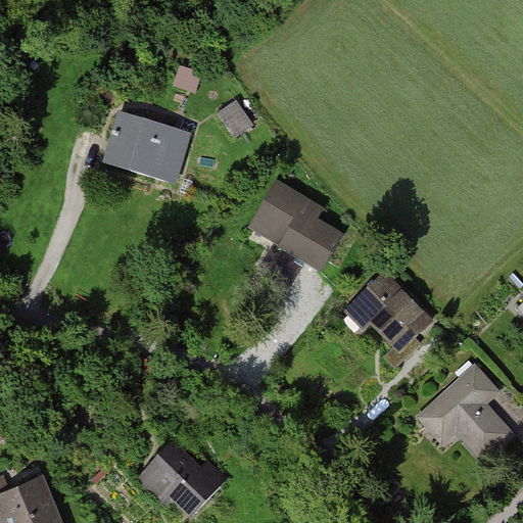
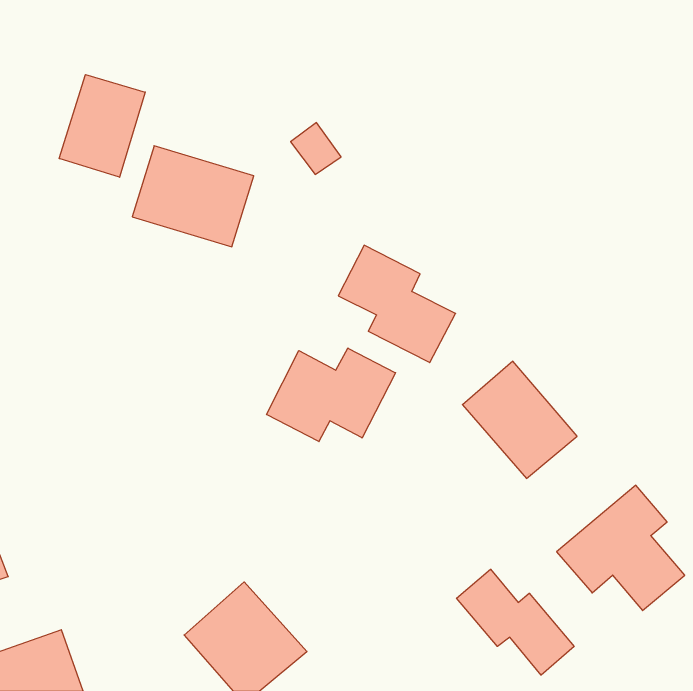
building: none -> [59,75,145,177]
building: none -> [267,348,396,442]
building: none -> [457,569,574,675]

